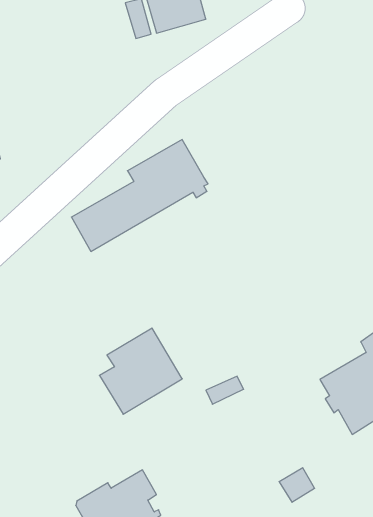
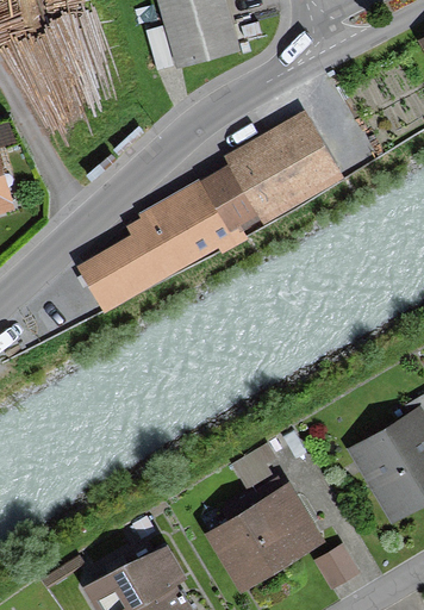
building: none -> [208,129,328,225]
building: [99,328,182,414] -> [218,483,310,578]

